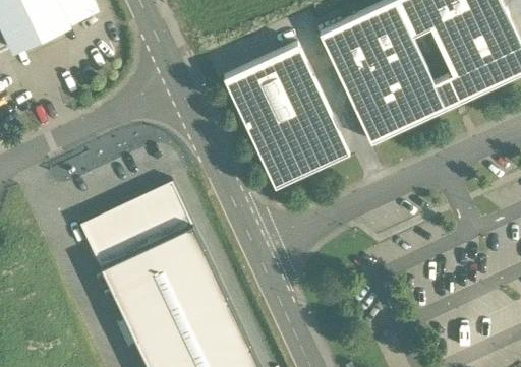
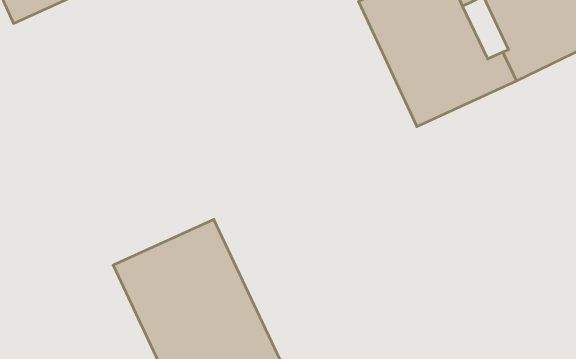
building: [223,43,348,188] -> none
building: [81,183,190,266] -> none

